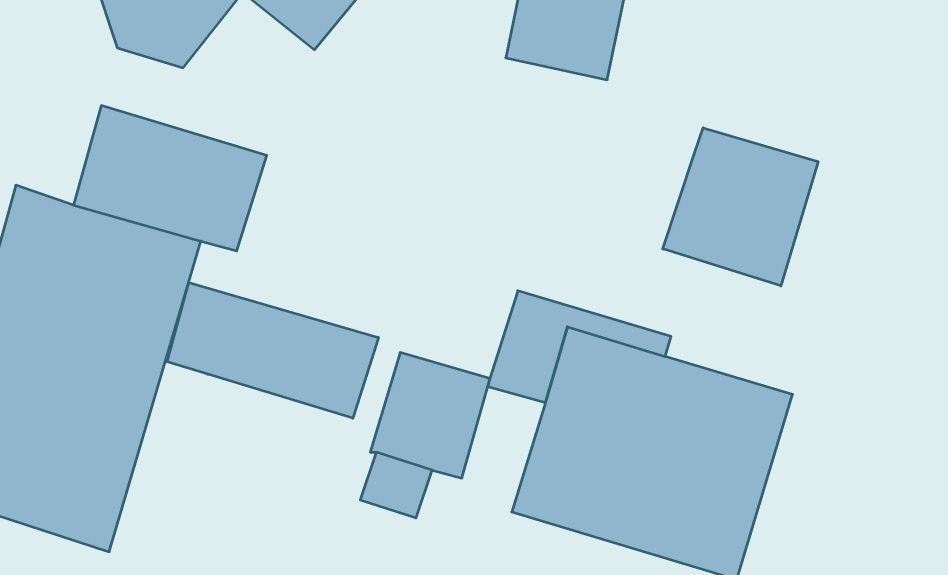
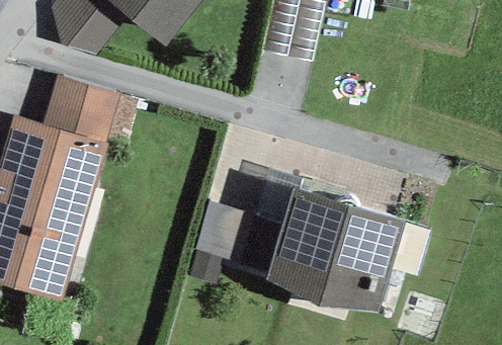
building: [663,128,818,286] -> none
building: [167,283,378,418] -> none

